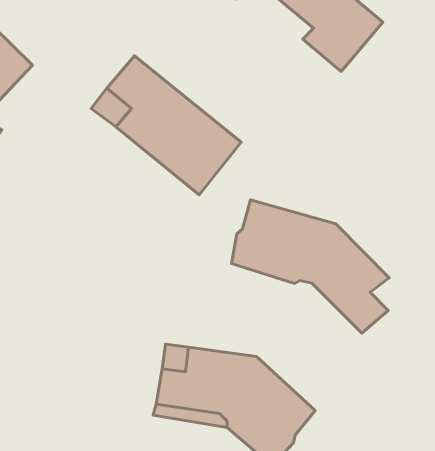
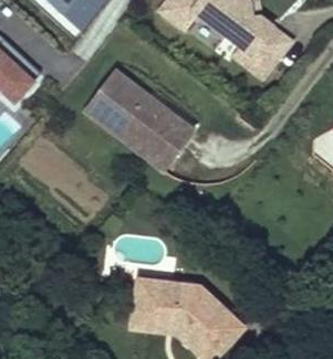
building: [232,200,389,333] -> none

